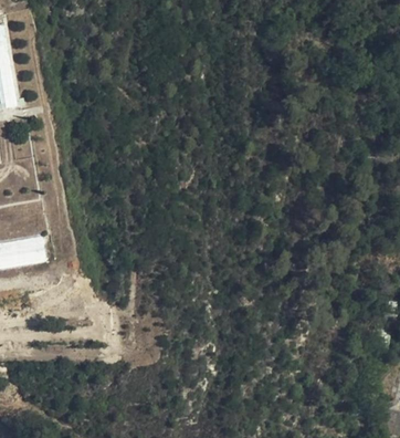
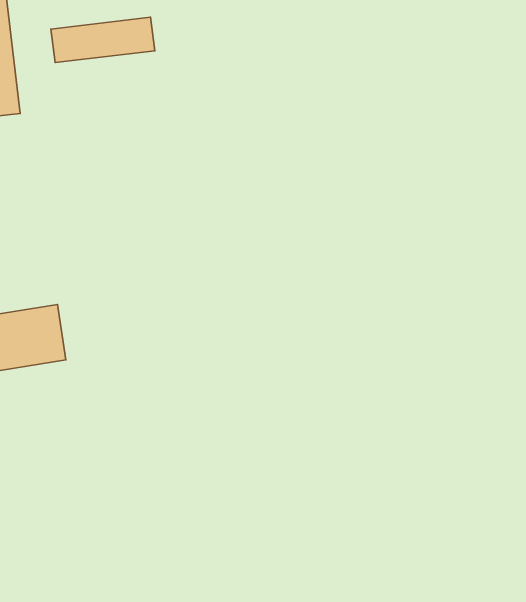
building: none -> [51,17,155,63]

